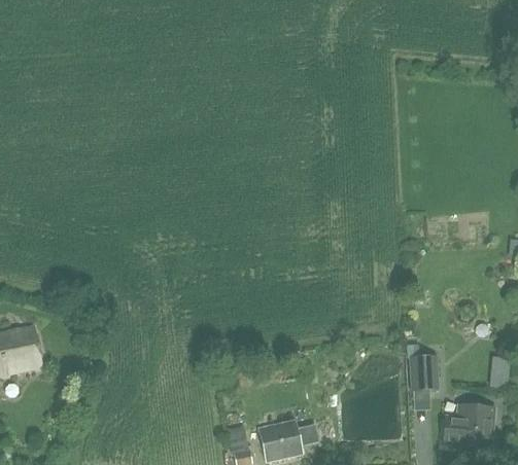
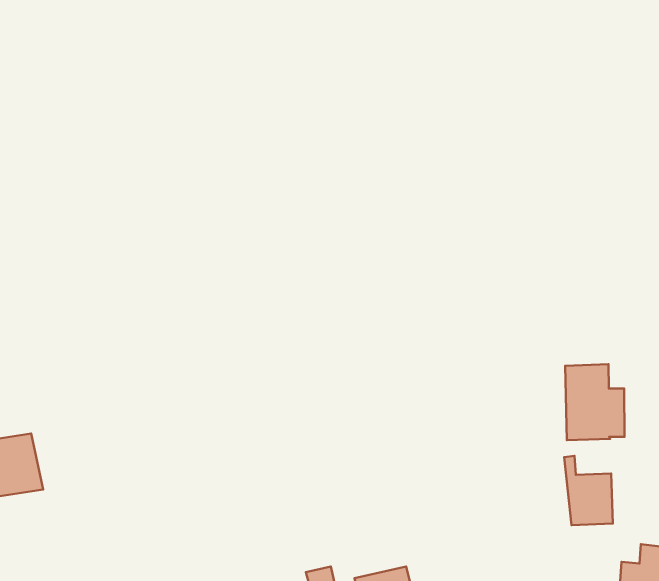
building: none -> [565,364,624,440]

